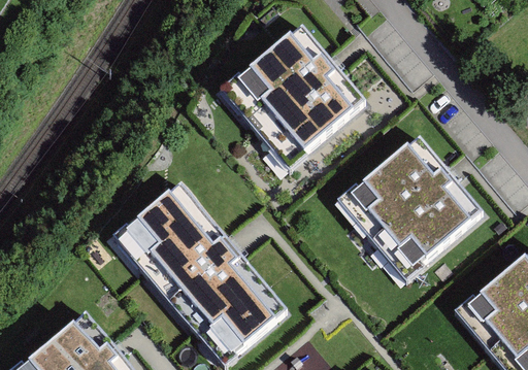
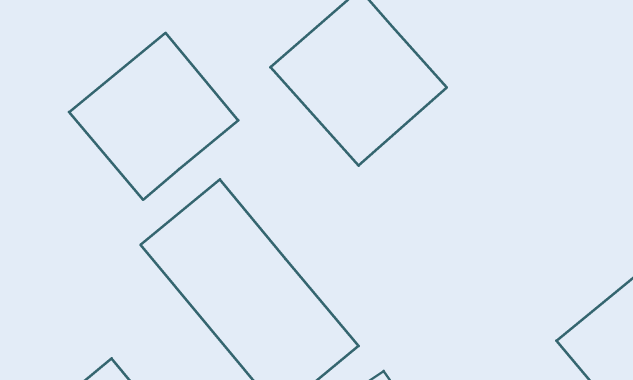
building: none -> [69,33,238,200]
building: [340,136,482,279] -> none

